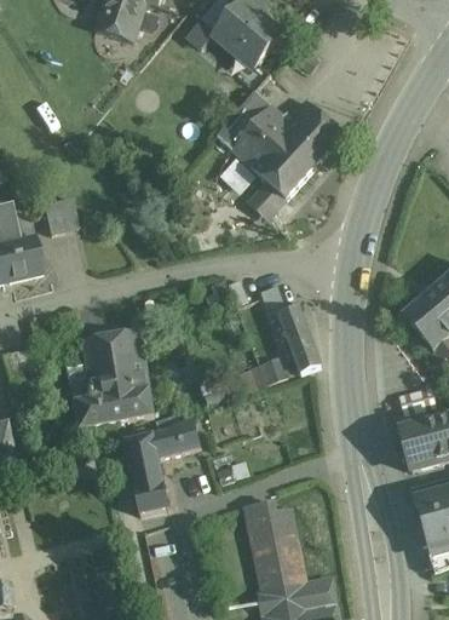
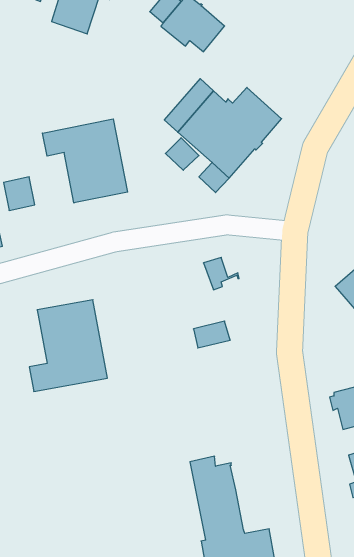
building: none -> [42,119,128,203]
building: [278,303,320,372] -> none
building: [122,419,197,513] -> none

